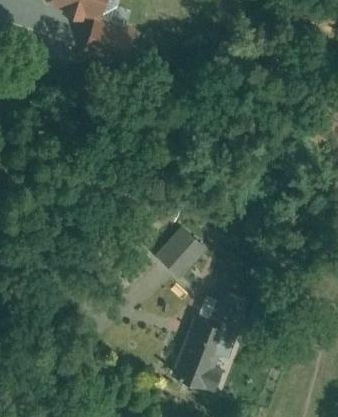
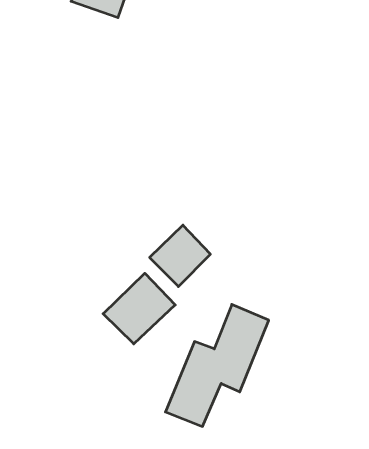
building: none -> [103,273,175,344]

